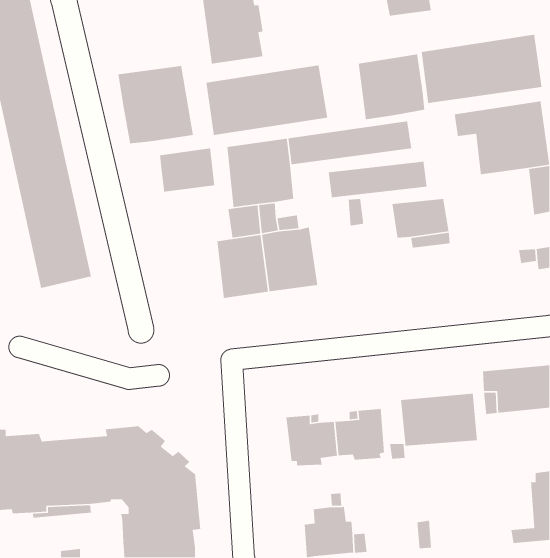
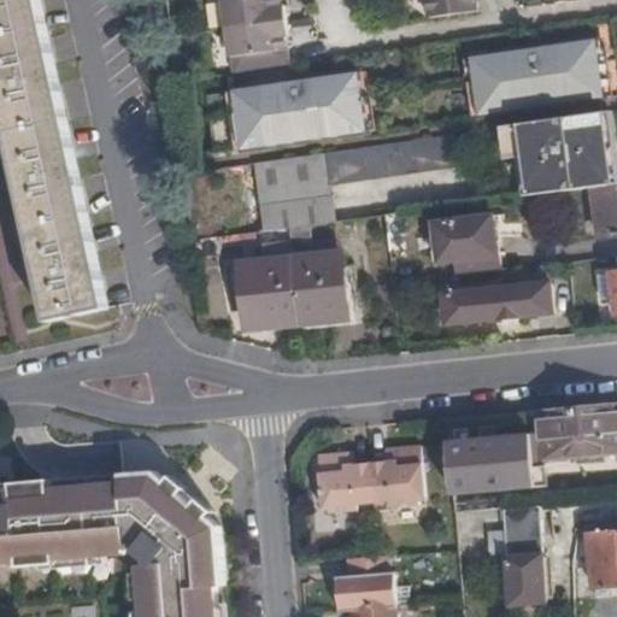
building: [358,53,425,120] -> none
building: [118,65,194,144] -> none
building: [159,147,215,193] -> none
building: [328,161,428,198] -> [436,282,546,323]
building: none -> [499,505,541,604]

